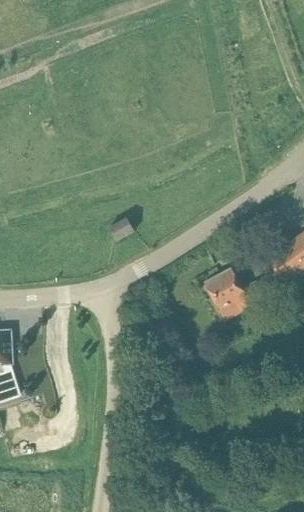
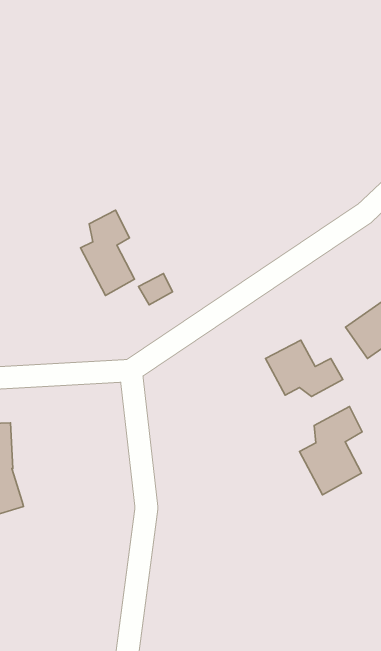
building: none -> [81,210,135,295]
building: none -> [299,407,362,495]

